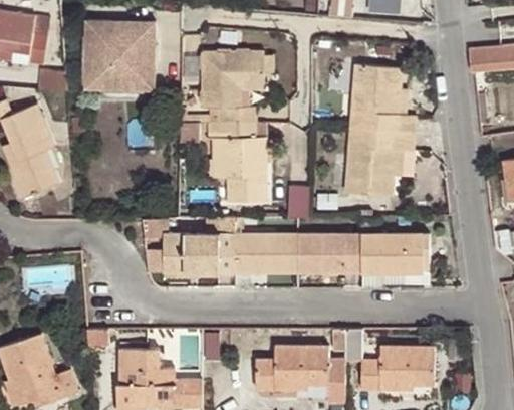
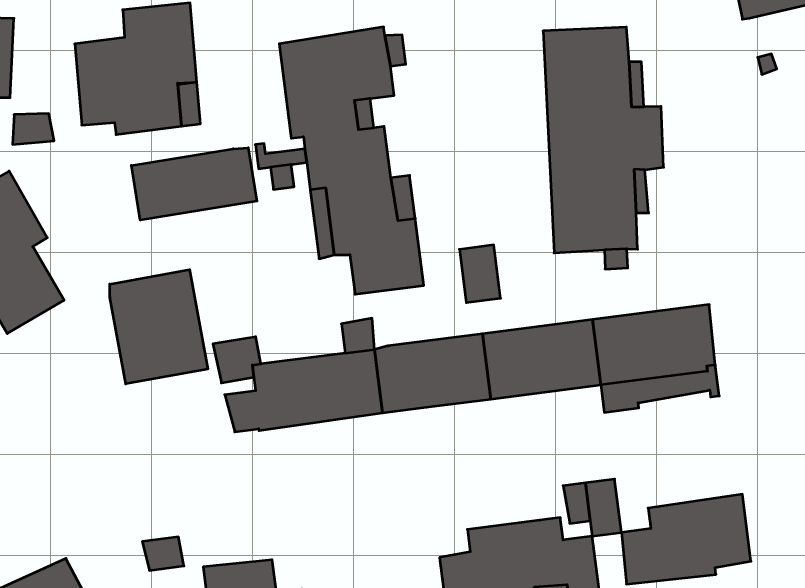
building: none -> [131,148,257,220]
building: none -> [110,270,208,384]

